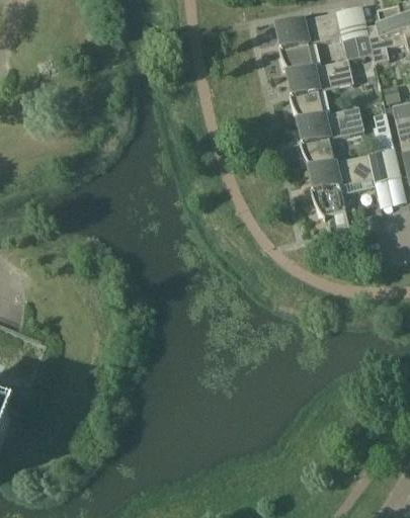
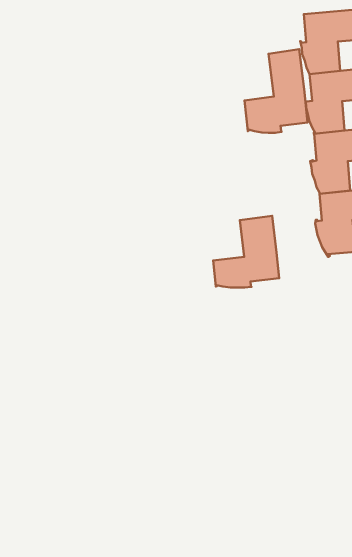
building: none -> [244,49,308,133]
building: none -> [213,216,279,288]

